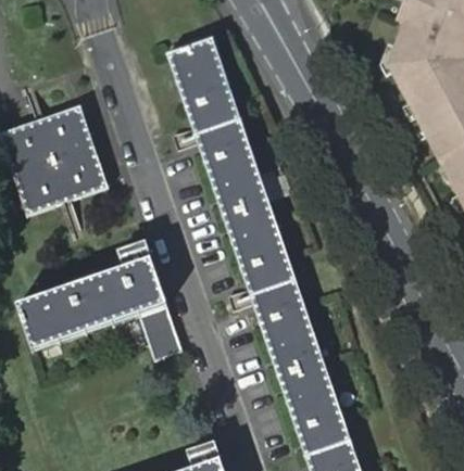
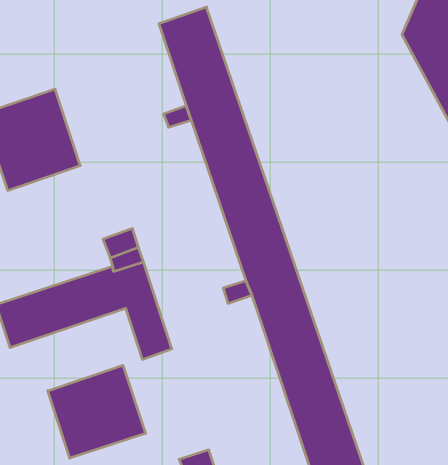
building: none -> [48,365,145,458]

